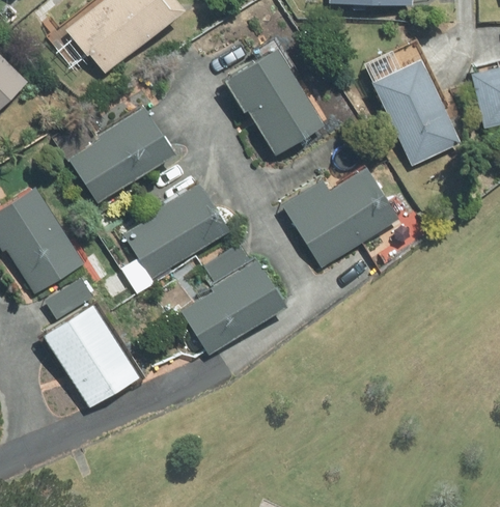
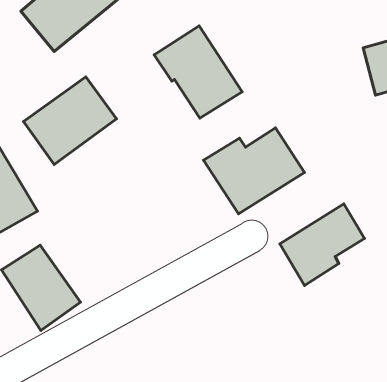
building: [368,57,462,167] -> none
building: [118,186,228,281] -> none
building: none -> [280,204,365,286]
building: [180,259,285,350] -> none

